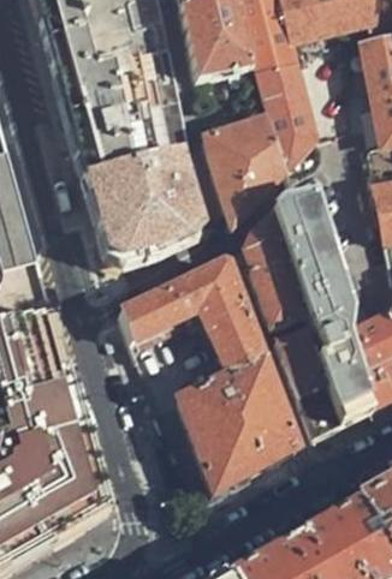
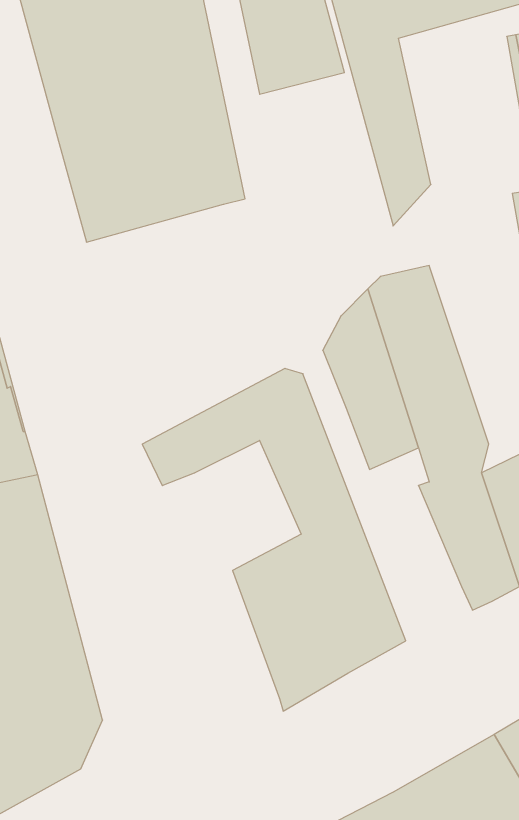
building: [207,113,286,222] -> none
building: [85,150,196,262] -> none
building: [278,328,343,435] -> none

